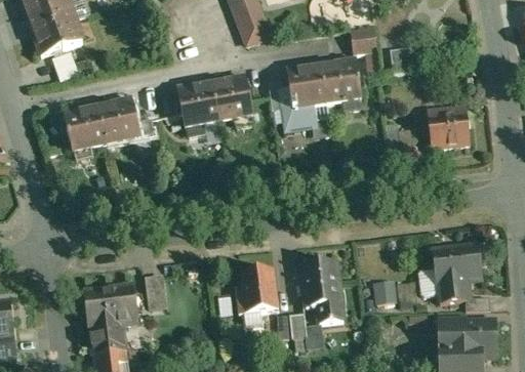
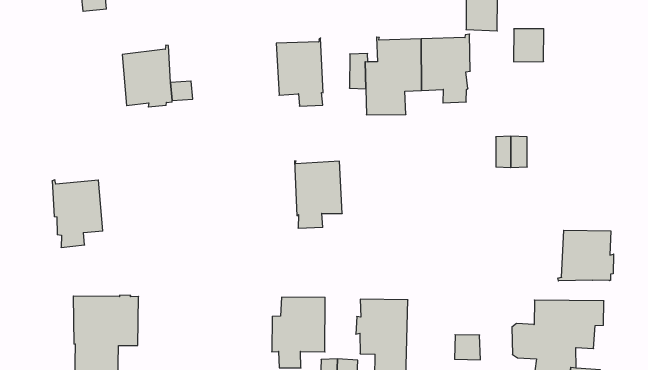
building: [178,82,219,136] -> [295,161,342,228]
building: [63,106,106,160] -> [52,180,103,247]
building: [427,107,470,148] -> none
building: none -> [558,230,614,281]
building: [146,275,167,309] -> none

